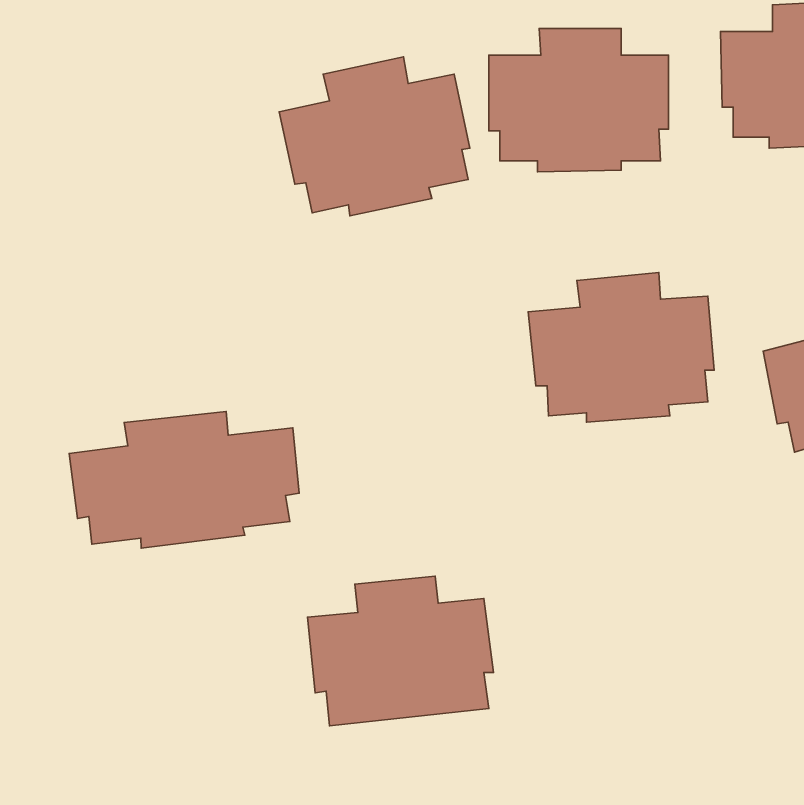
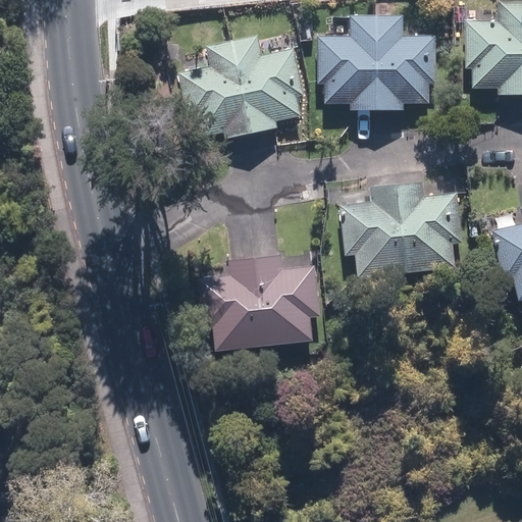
building: [69,411,299,548] -> none
building: [307,576,493,726] -> [199,251,319,348]

